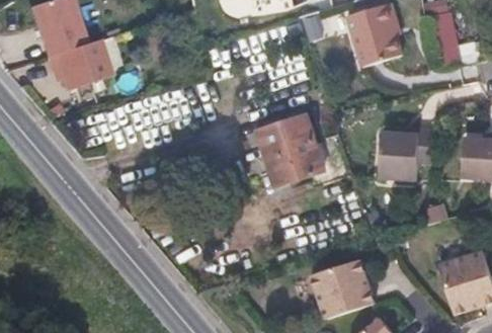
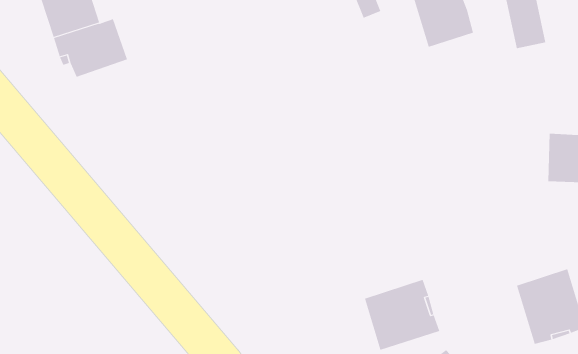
building: [258,114,323,185] -> none
building: [379,128,434,179] -> none

